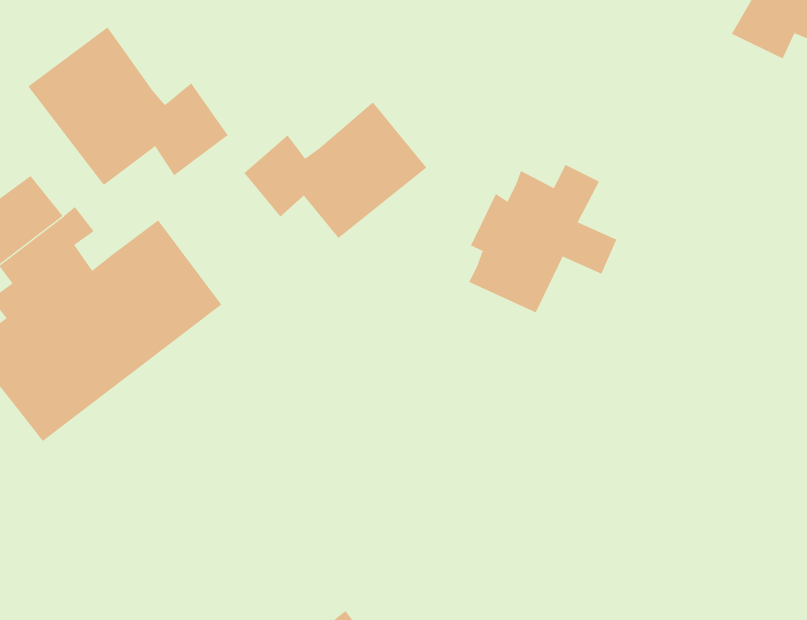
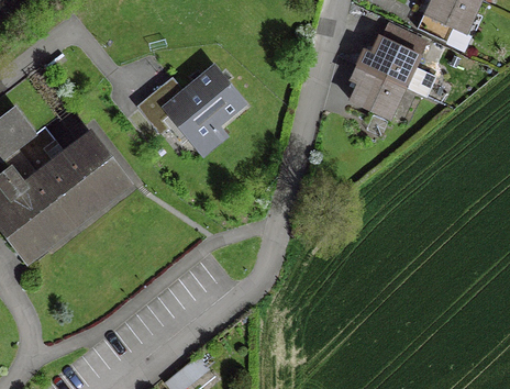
building: [27,26,229,186] -> none
building: [468,164,617,313] -> [350,34,434,119]

